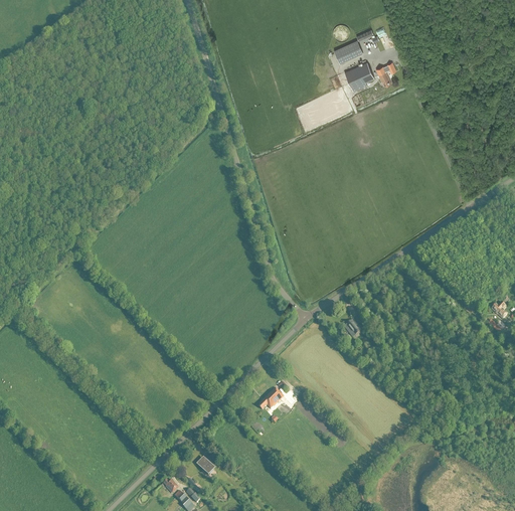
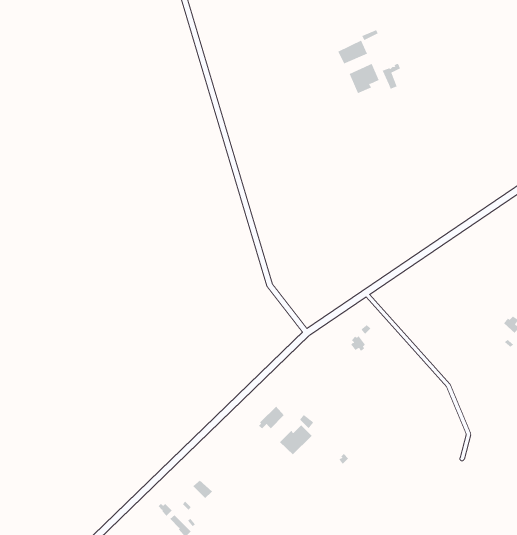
building: none -> [279,425,312,455]

